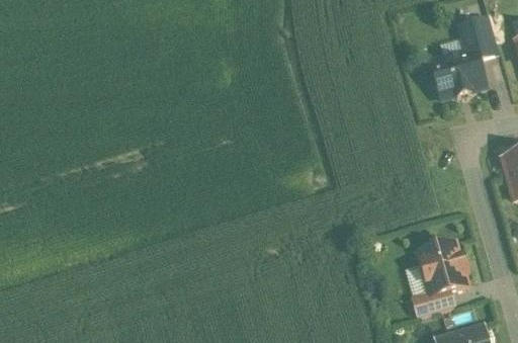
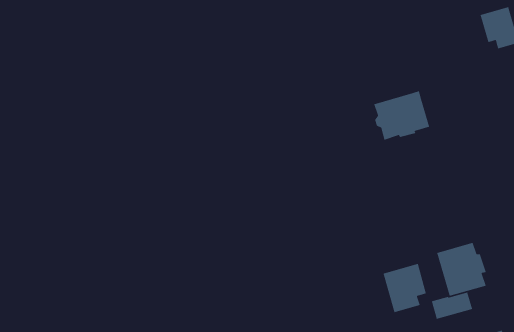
building: [430,48,485,96] -> [373,90,430,141]
building: none -> [382,263,427,313]

